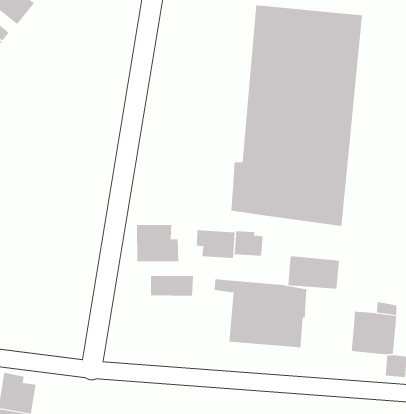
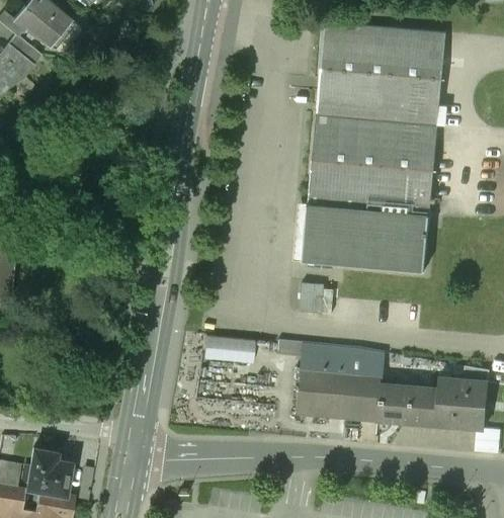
building: [137,224,179,262] -> none
building: [196,229,235,259] -> none
building: [287,256,340,289] -> [376,385,437,424]

